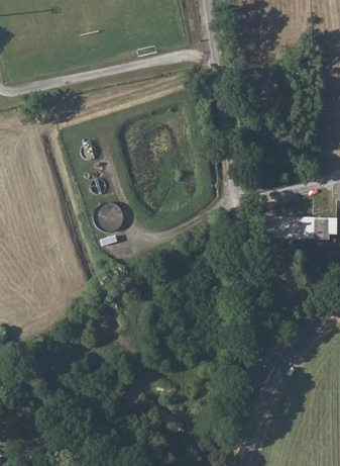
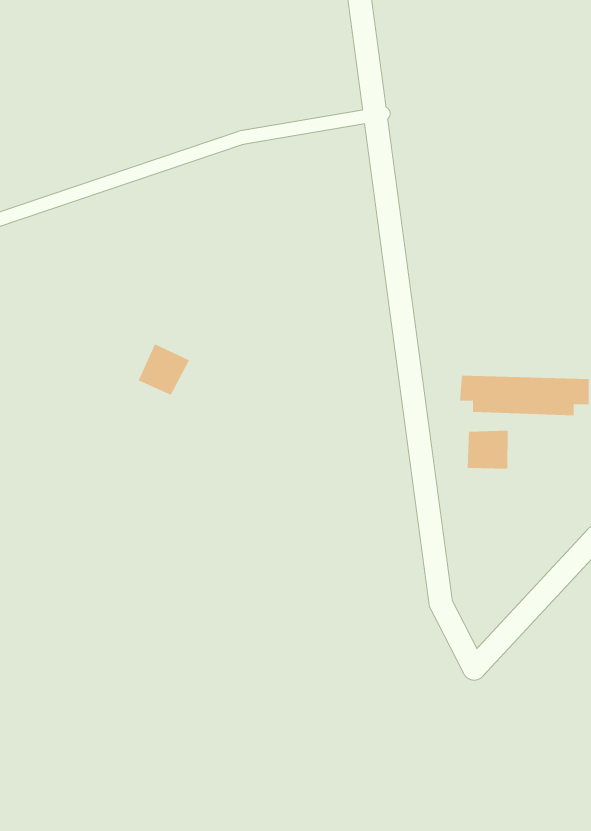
building: none -> [467,430,508,470]

